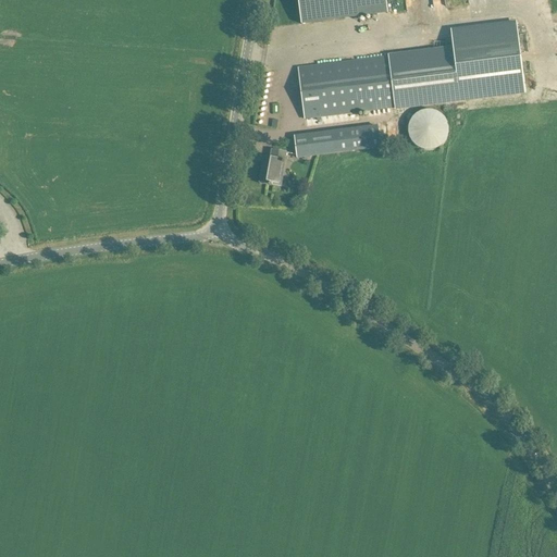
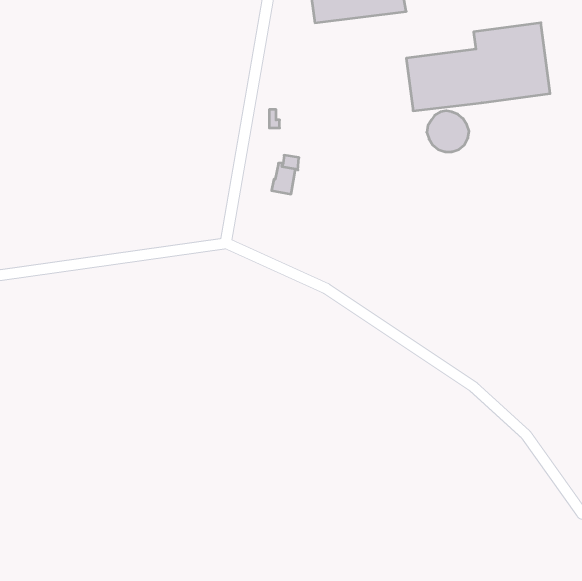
building: [297,55,394,117] -> none
building: [294,124,381,156] -> none

